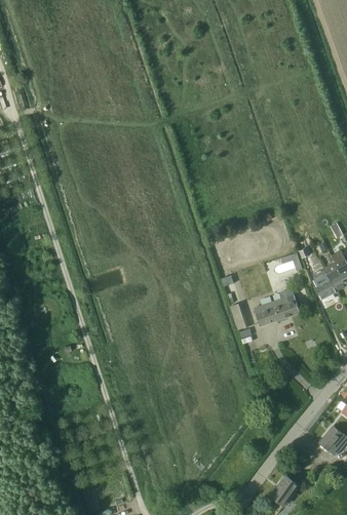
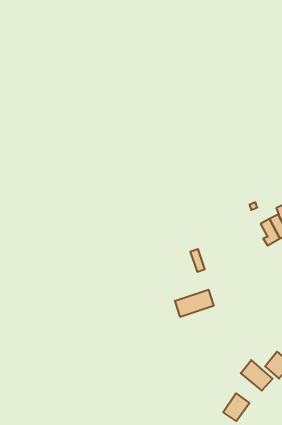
building: [254,294,300,326] -> [175,290,214,317]
building: none -> [241,360,273,391]

